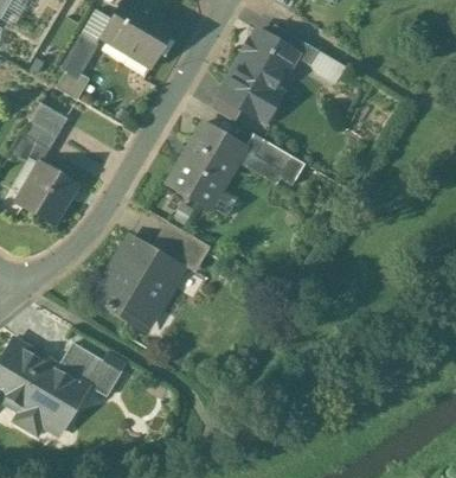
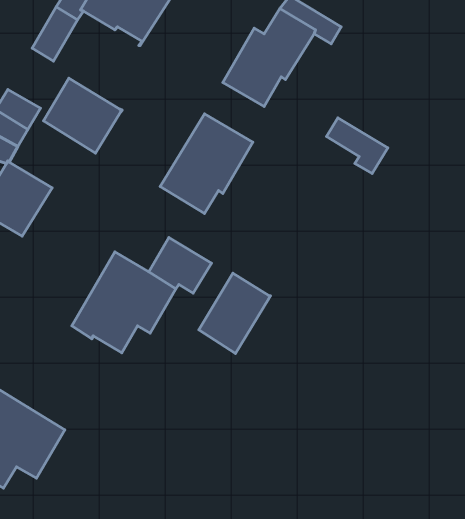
building: none -> [43,78,122,153]
building: [253,140,304,186] -> [326,118,388,173]
building: none -> [199,273,271,354]
building: [57,344,121,396] -> none

